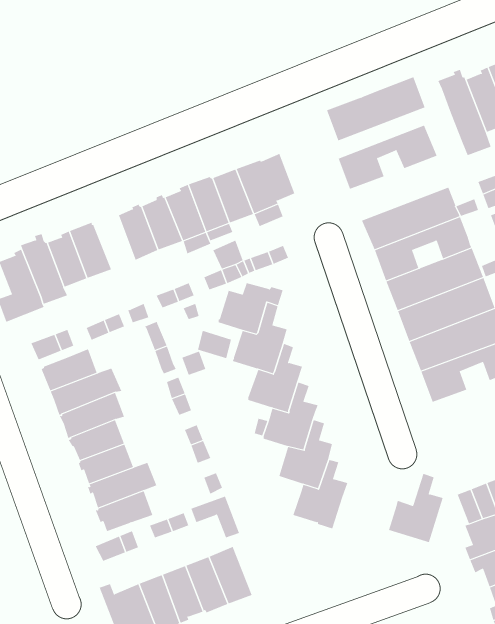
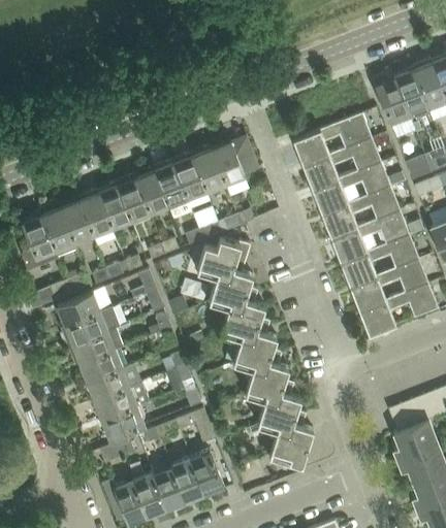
building: [326,77,426,141] -> [302,138,382,190]
building: none -> [98,184,131,229]
building: [388,473,444,543] -> [269,410,314,466]

